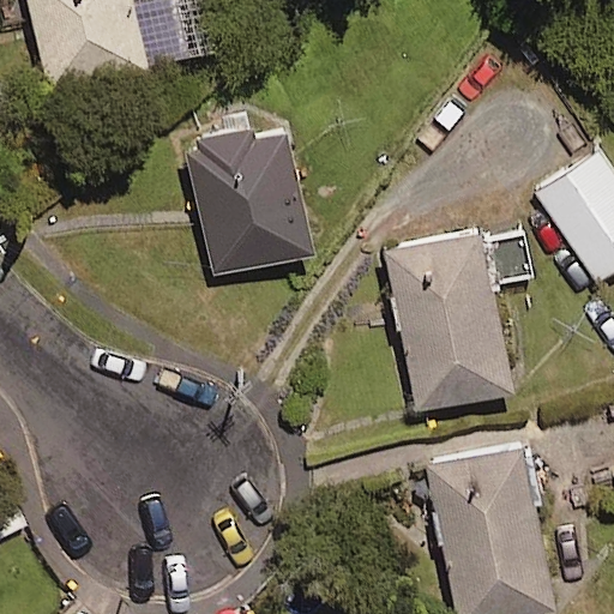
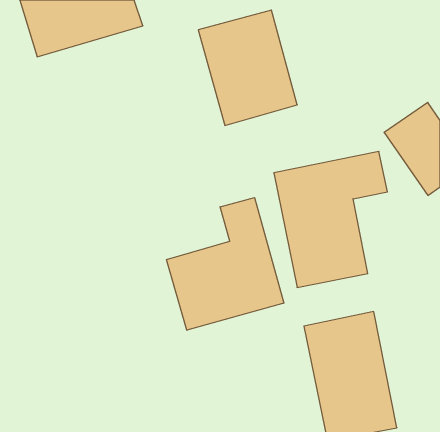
building: [182,116,320,277] -> [198,10,297,125]
building: none -> [167,198,284,330]

